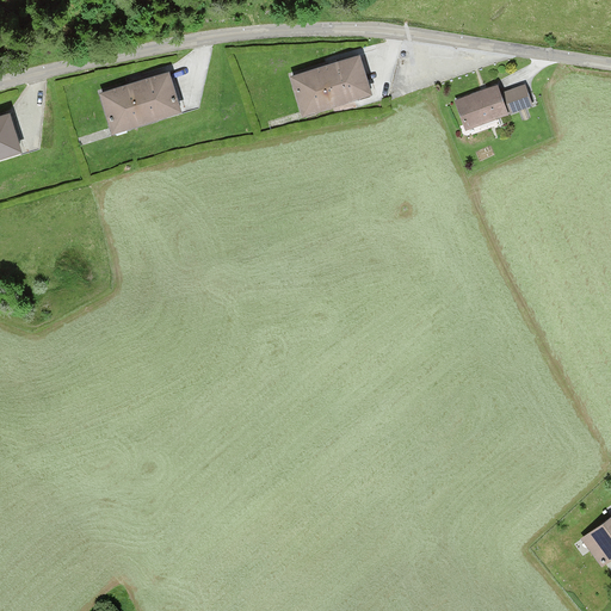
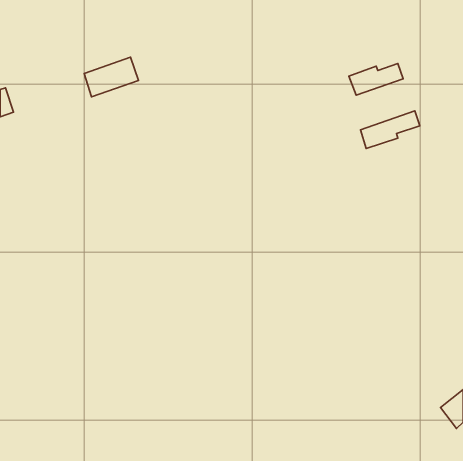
building: [296,55,368,109] -> none
building: none -> [360,111,420,148]

